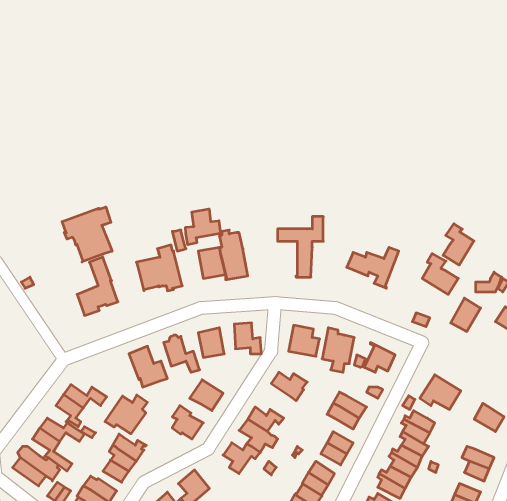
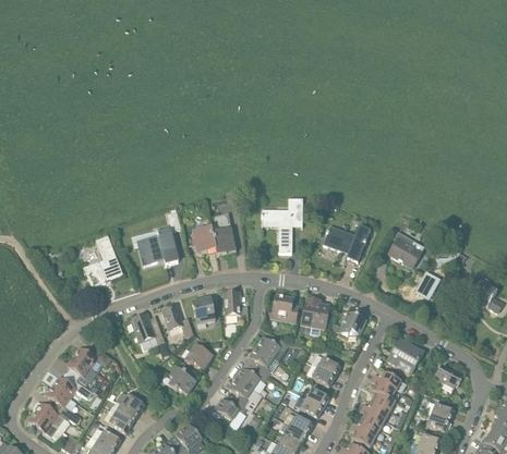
building: [62,207,112,262] -> none
building: [186,209,220,245] -> none
building: [443,224,474,265] -> none
building: none -> [249,345,279,376]
building: [105,395,147,434] -> none

